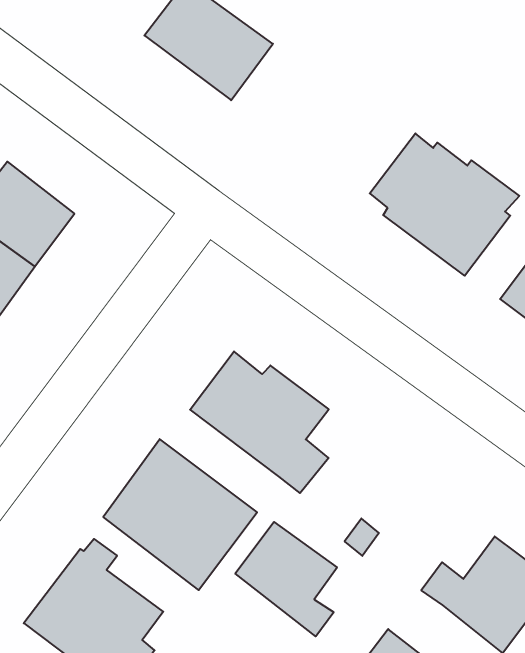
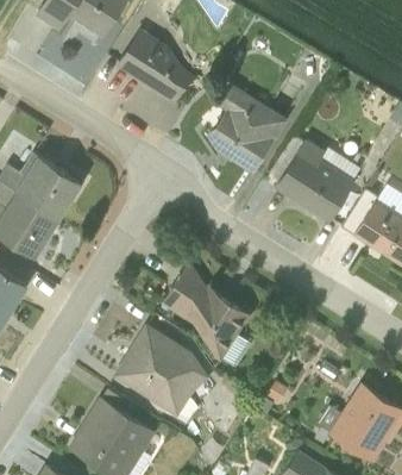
building: none -> [207,73,288,161]
building: [235,522,337,636] -> none

